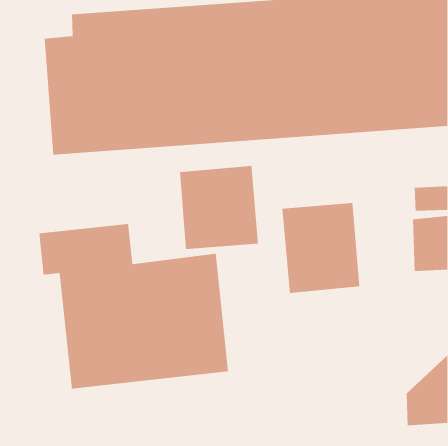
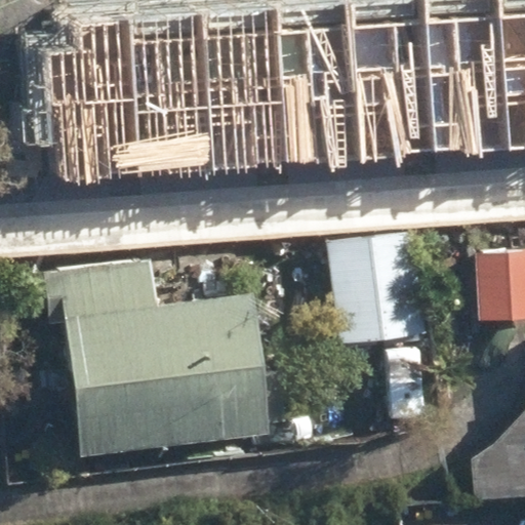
building: [180,165,258,250] -> none

